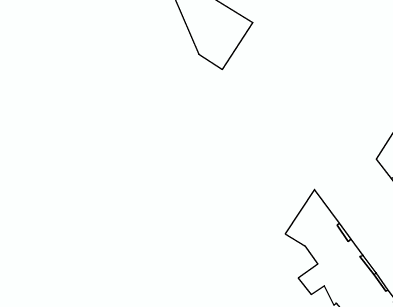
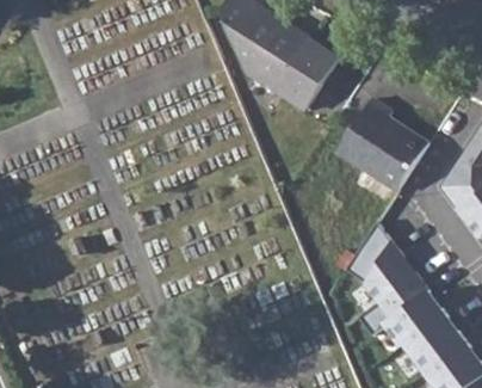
building: none -> [276,37,336,107]
building: none -> [338,99,428,191]

